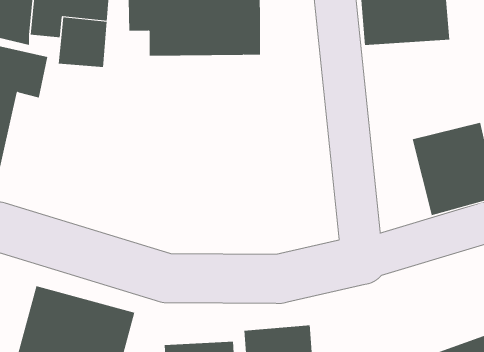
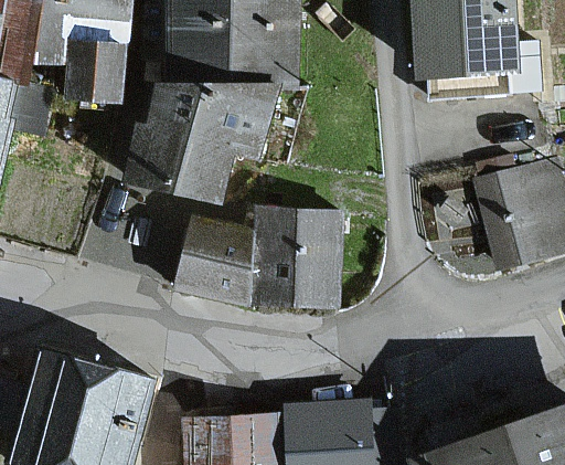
building: none -> [125,83,281,202]
building: none -> [257,207,339,304]
building: none -> [179,215,250,296]

